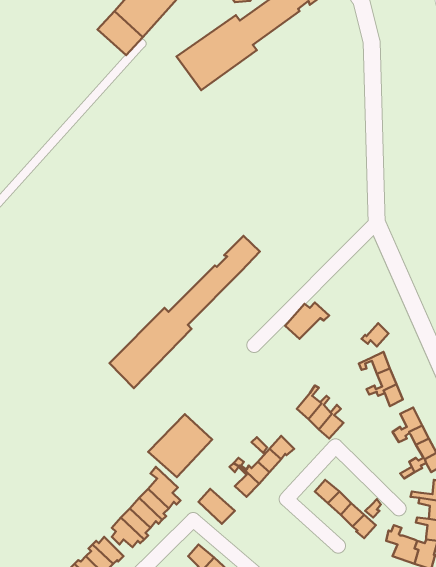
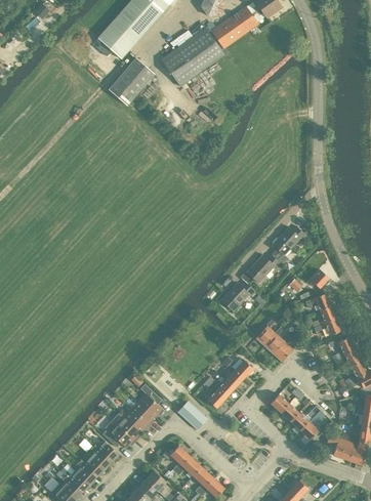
building: none -> [108,57,154,106]
building: [109,236,260,388] -> none
building: none -> [270,226,306,264]
building: none -> [220,282,255,311]
building: [148,414,212,477] -> none

